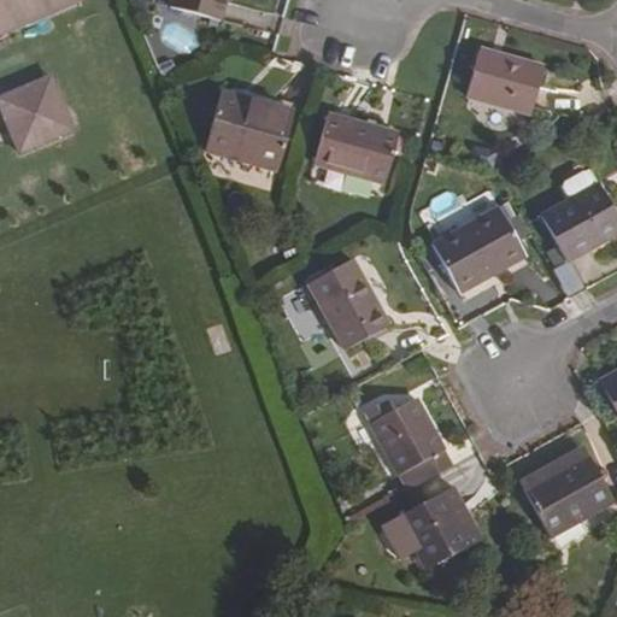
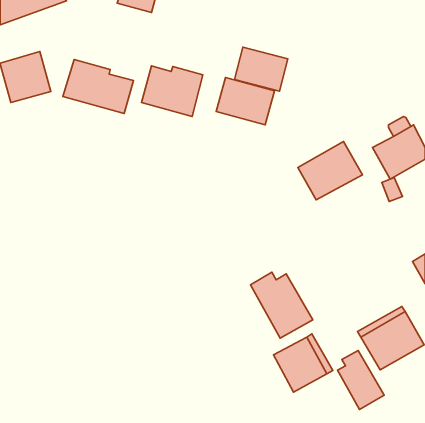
building: [466,47,543,111] -> [235,47,288,91]
building: none -> [63,59,133,113]
building: [306,257,389,348] -> none
building: none -> [338,350,384,409]

